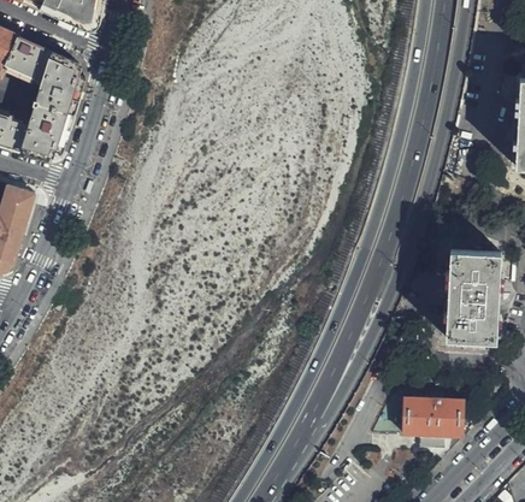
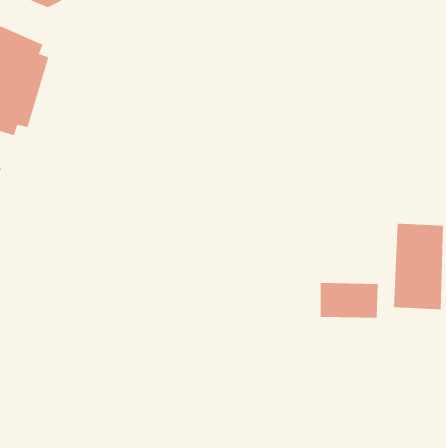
building: [401,398,462,436] -> [320,283,379,318]

